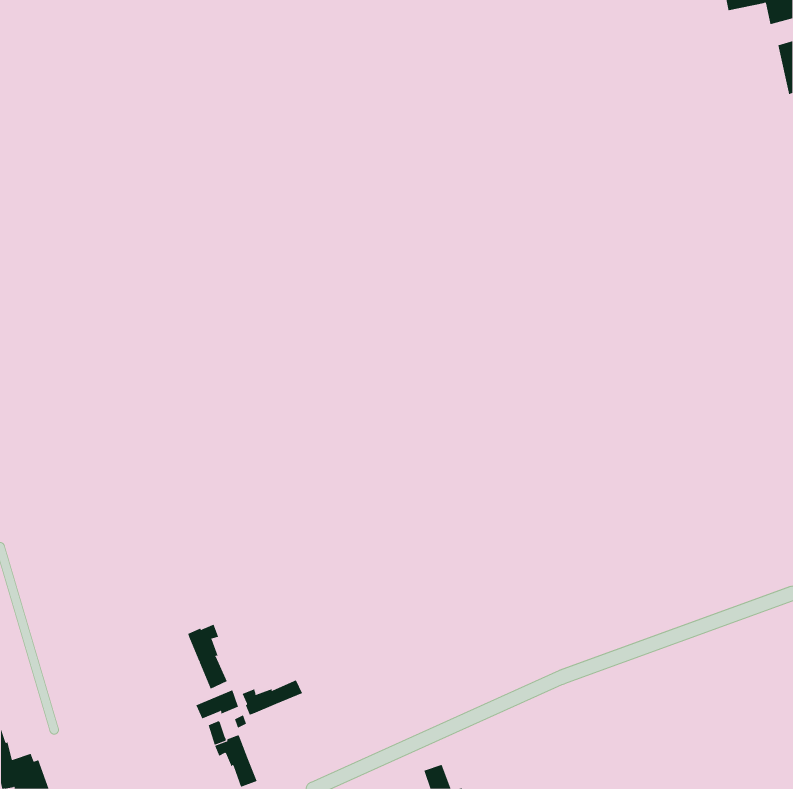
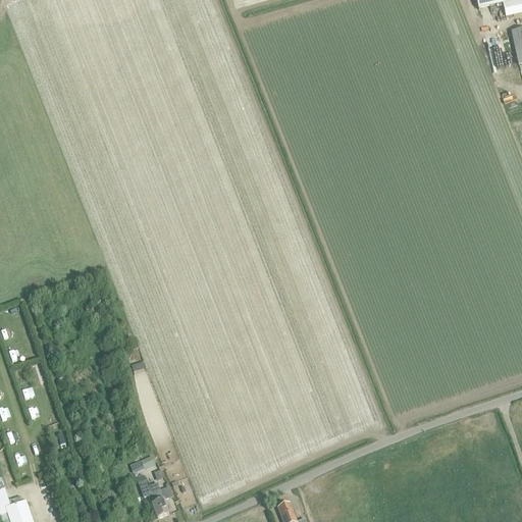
building: [187,624,228,689] -> none
building: [242,679,303,715] -> none

